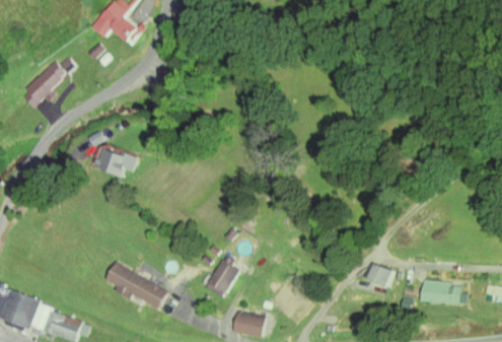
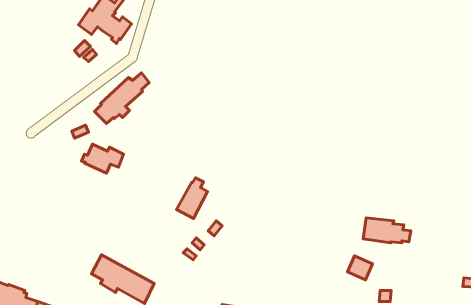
building: [17,56,73,108] -> [95,73,149,123]
building: [206,255,237,296] -> [177,178,207,219]
building: [418,279,467,304] -> [363,218,411,243]

